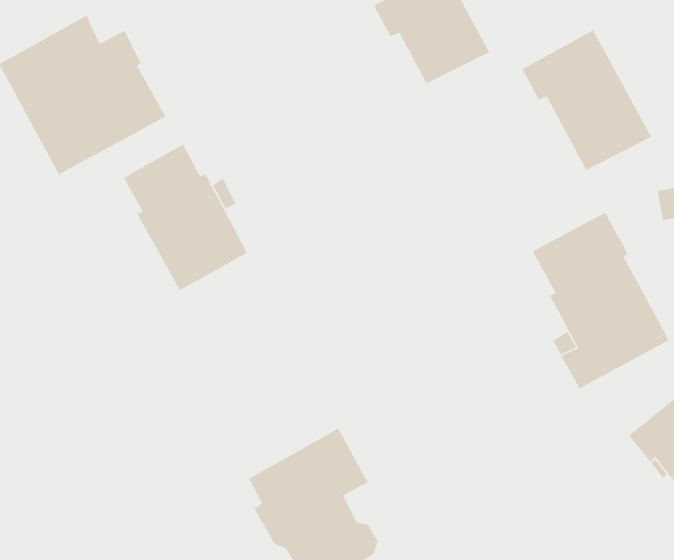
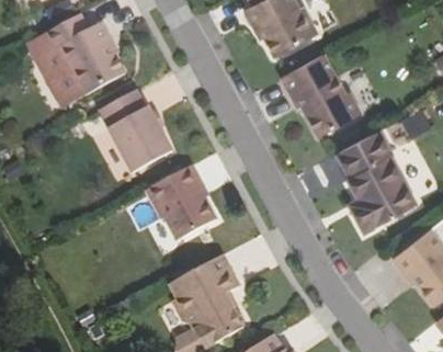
building: [522,29,652,171] -> [282,53,357,135]
building: none -> [149,163,219,238]

